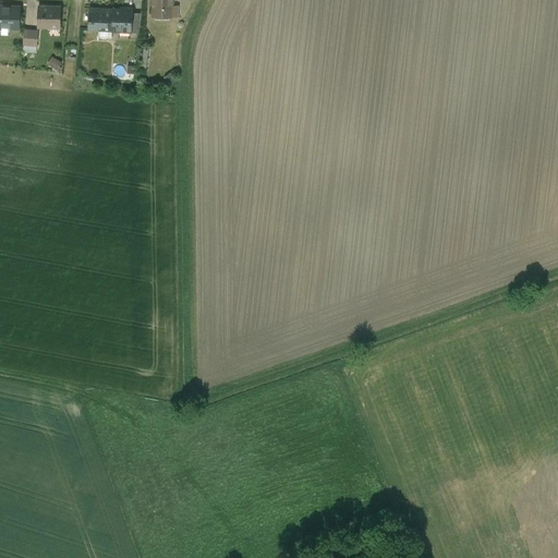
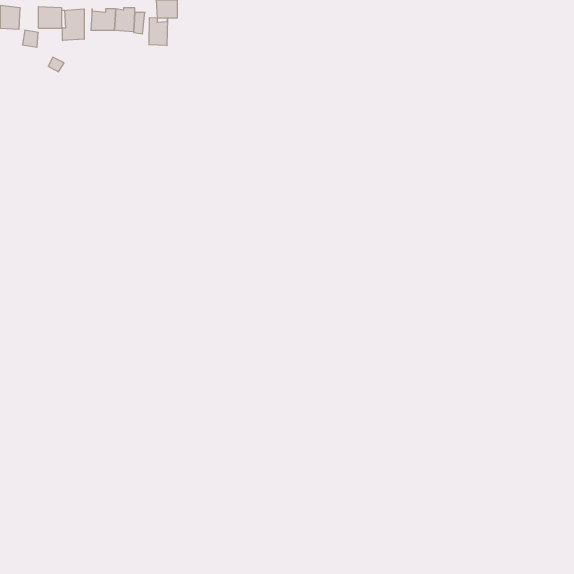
building: none -> [63,9,84,41]
building: none -> [149,18,167,46]

